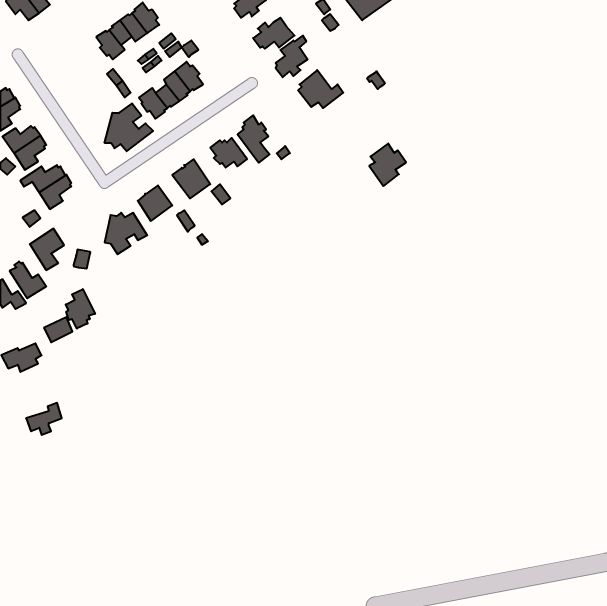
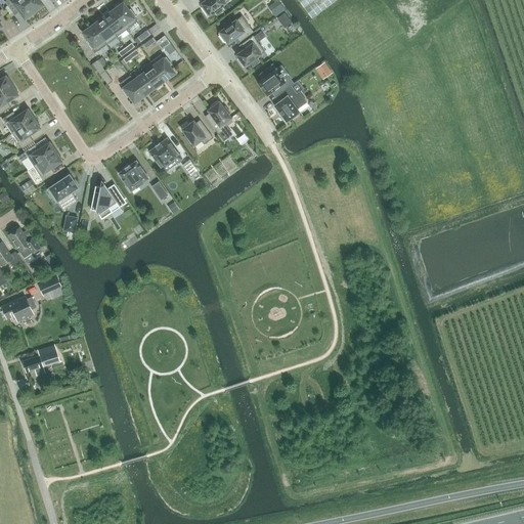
building: [105,103,153,151] -> none
building: [369,143,406,186] -> [274,85,306,122]
building: [30,229,64,270] -> [49,173,79,209]
building: [66,289,95,329] -> none

